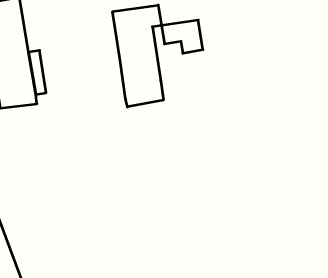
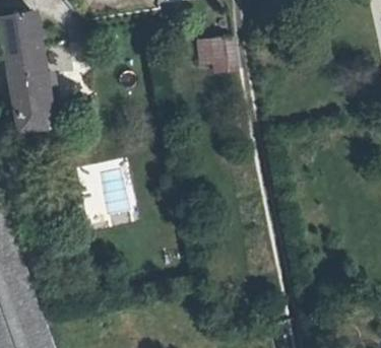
building: [113,5,163,107] -> none

